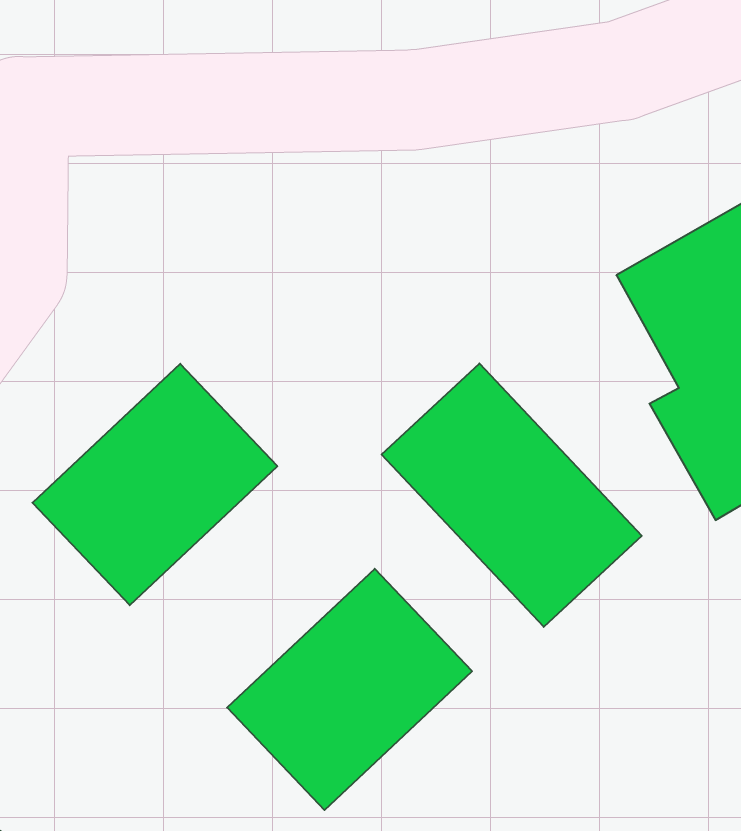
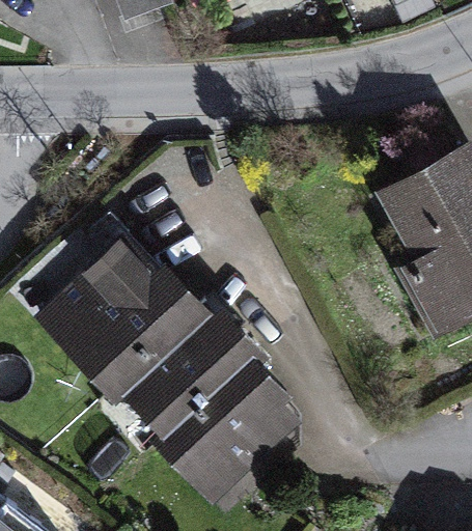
building: [382,363,642,627] -> none
building: none -> [96,299,243,443]

